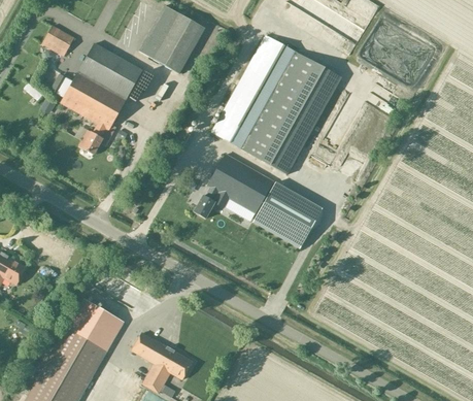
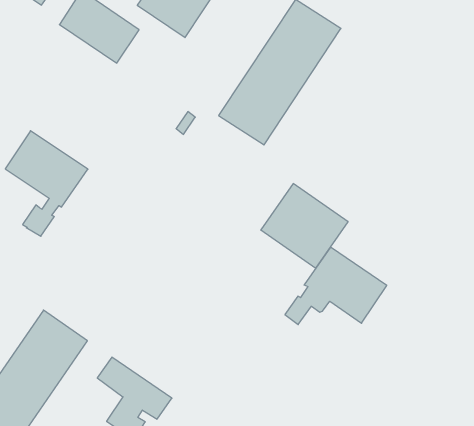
building: [249,56,340,174] -> none
building: [61,71,127,155] -> [5,131,88,236]
building: [194,155,273,219] -> [285,247,387,325]

